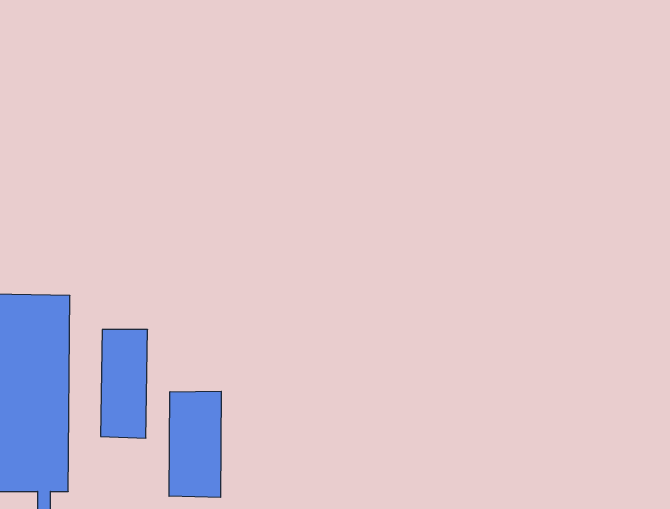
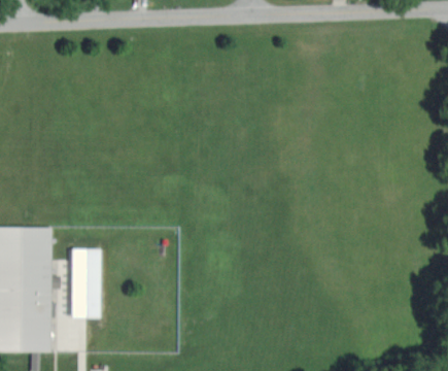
building: [169,391,221,497] -> none

